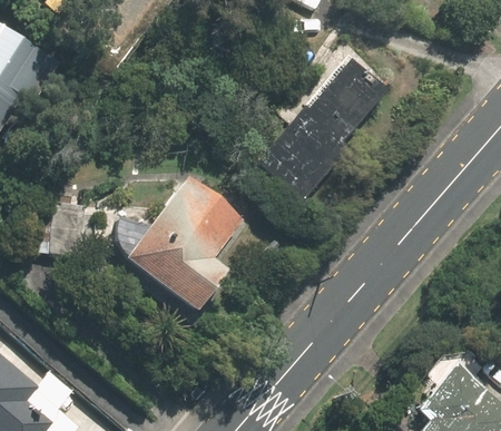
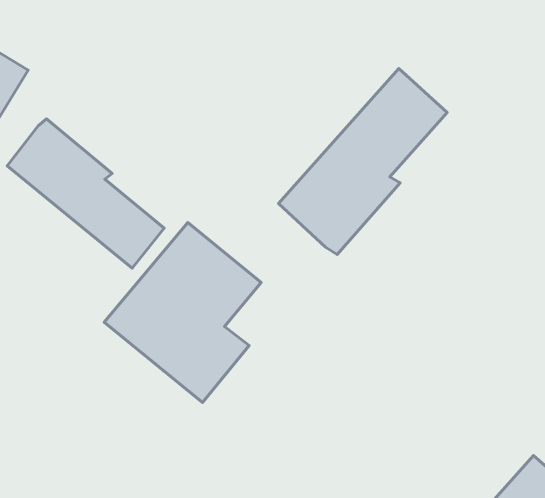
building: none -> [7,119,164,268]

